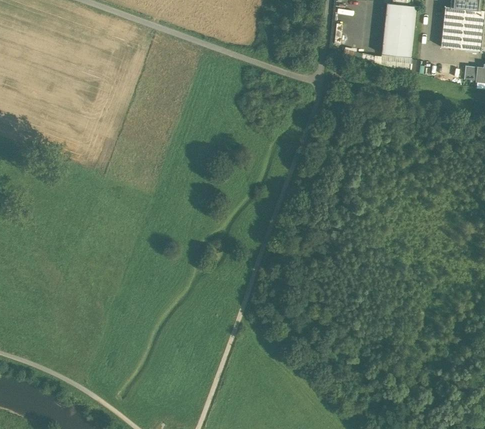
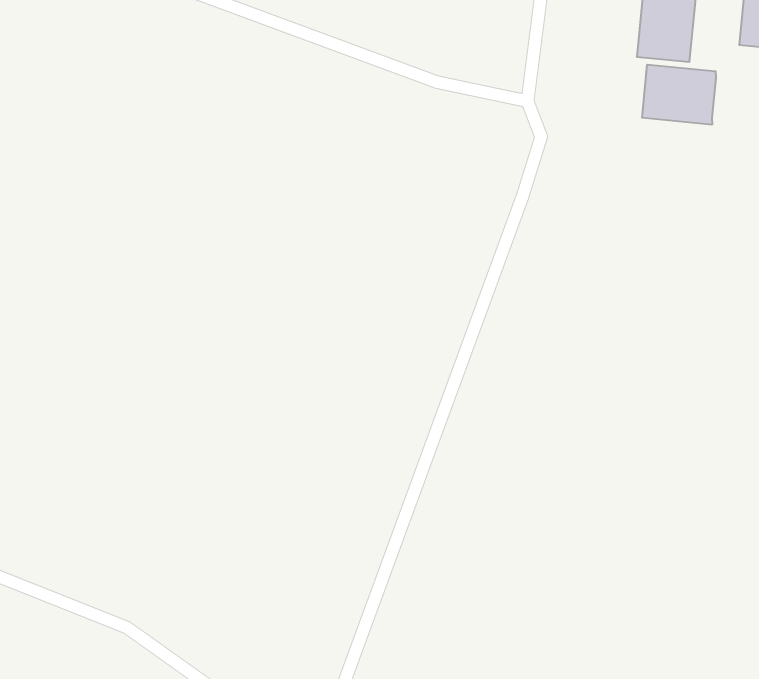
building: none -> [642,65,716,125]

